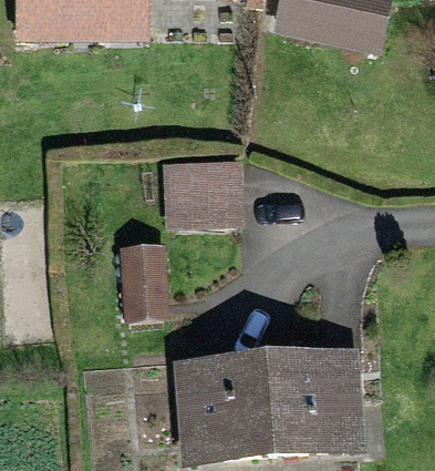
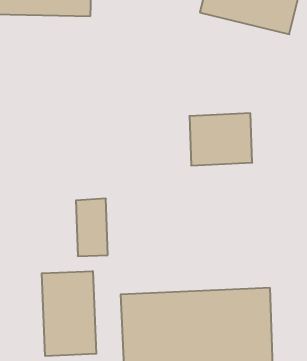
building: [165,163,241,226] -> [189,113,252,165]
building: none -> [42,271,96,356]

